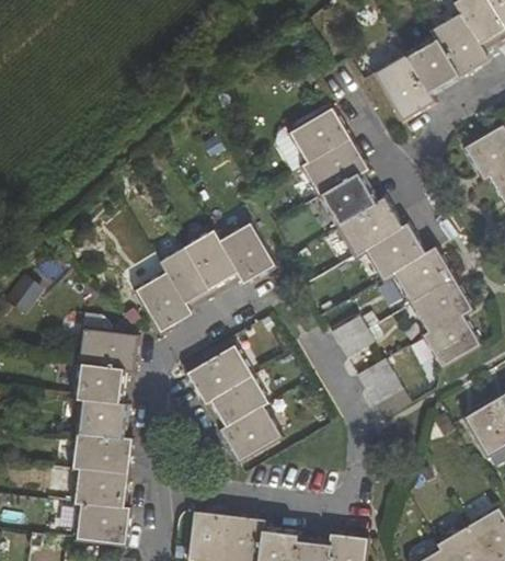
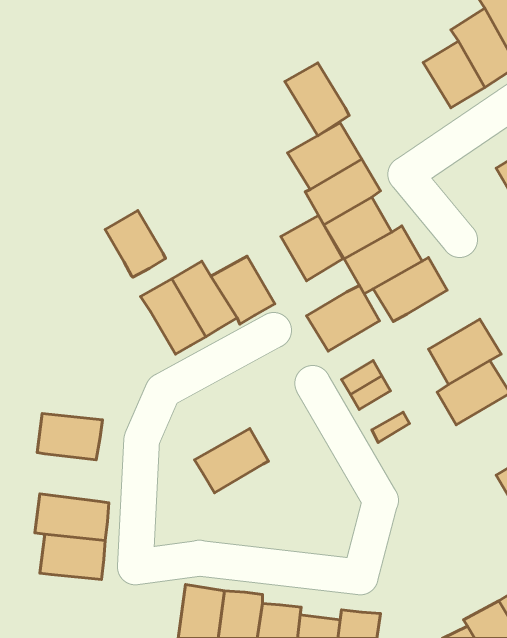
building: [376,57,432,121] -> [285,63,349,136]
building: none -> [281,215,343,281]
building: [390,250,454,307] -> [307,286,380,351]
building: [138,274,191,332] -> [105,211,166,277]
building: [72,330,135,369] -> none
building: [188,346,253,403] -> none
building: [70,398,127,439] -> none
building: [222,407,282,461] -> none
building: [77,503,128,542] -> none

